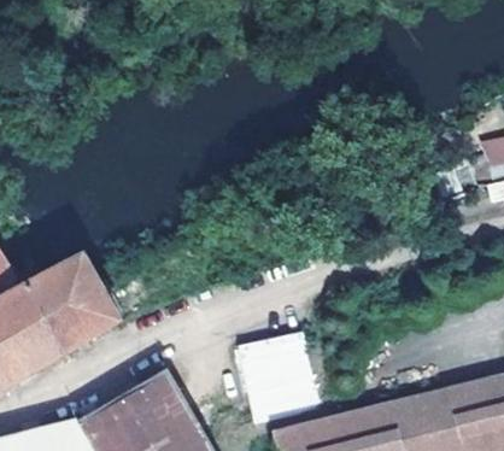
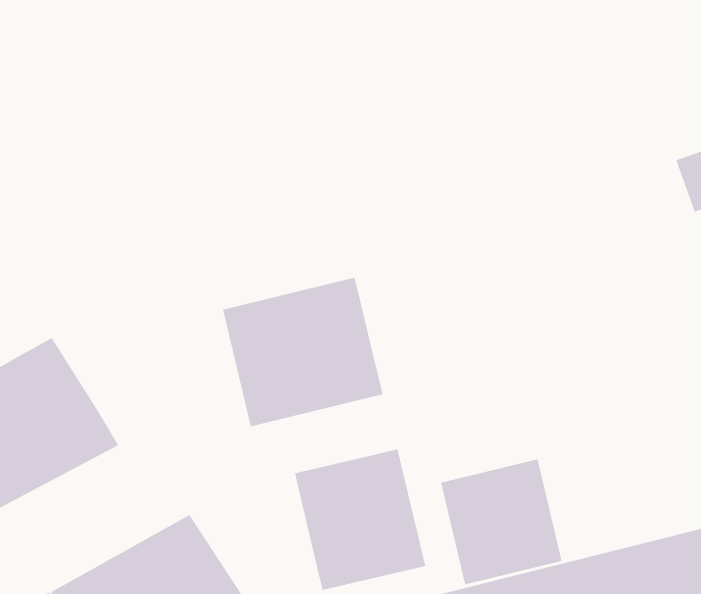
building: none -> [222,277,383,427]
building: none -> [440,458,562,585]

